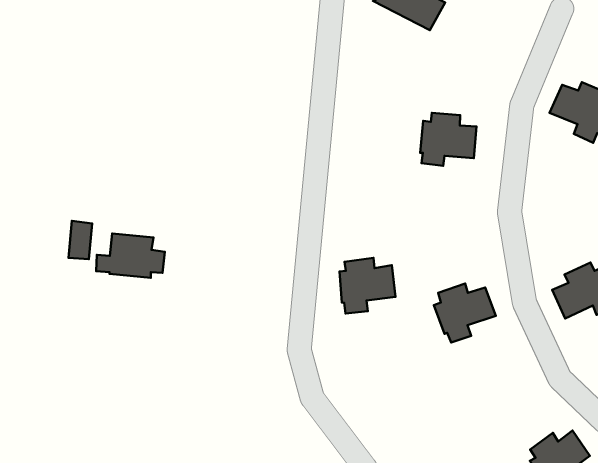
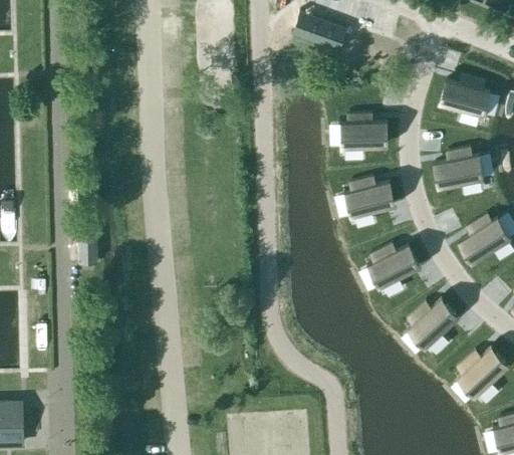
building: none -> [436,148,481,190]
building: [96,234,165,278] -> none
building: [339,258,395,313] -> [347,177,394,223]
building: none -> [409,298,457,349]

